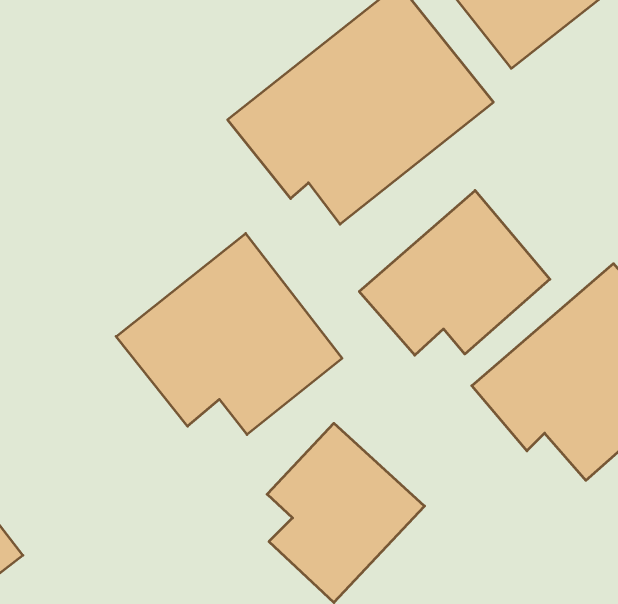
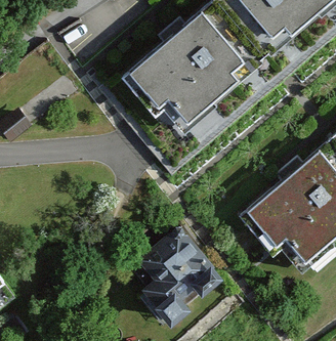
building: [359,190,550,355] -> none
building: [116,233,342,435] -> none

